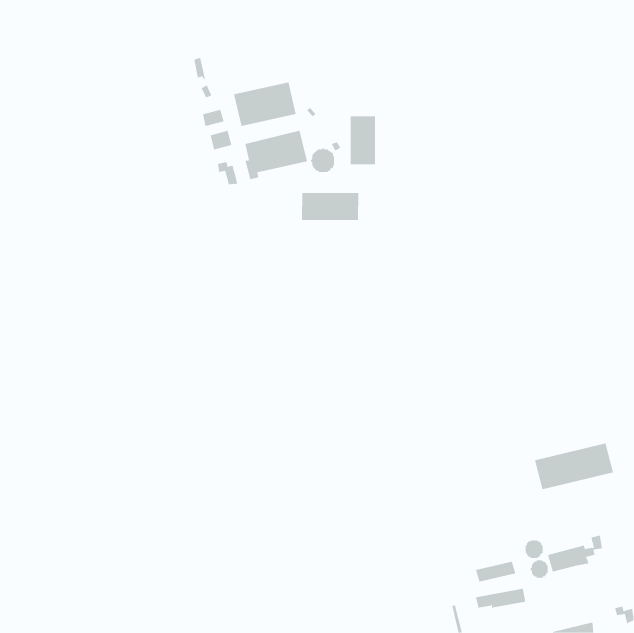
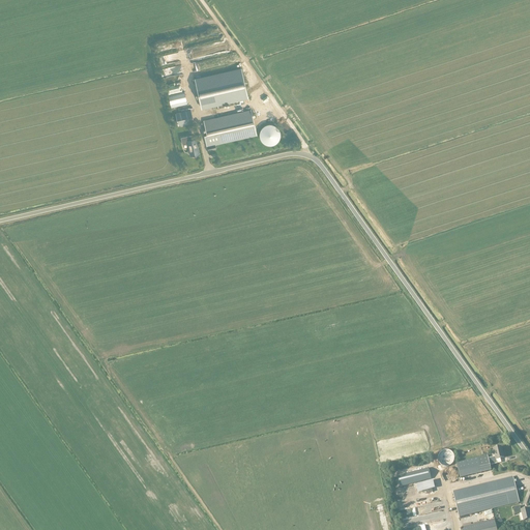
building: [350,116,376,165] -> none
building: [302,192,359,221] -> none
building: [534,443,614,490] -> [452,476,519,516]

